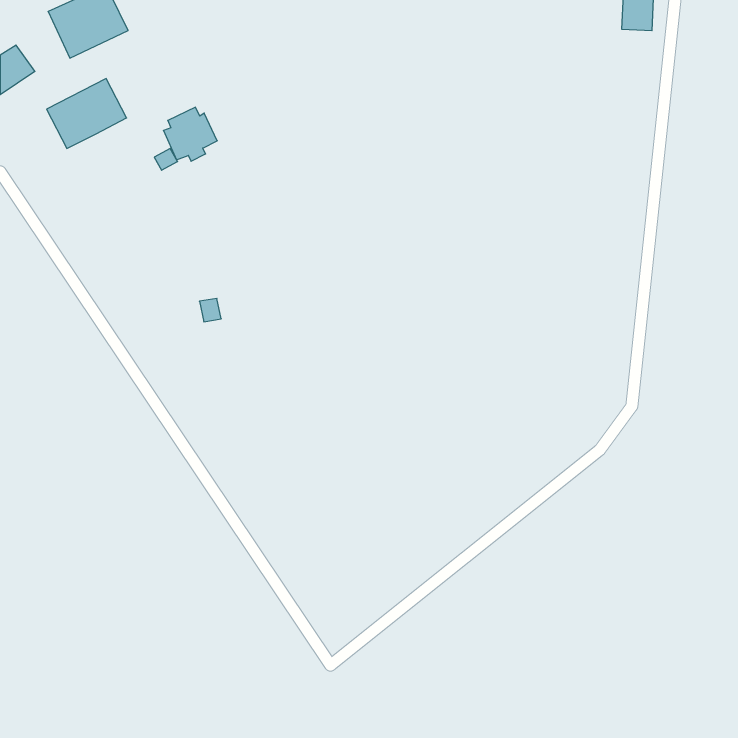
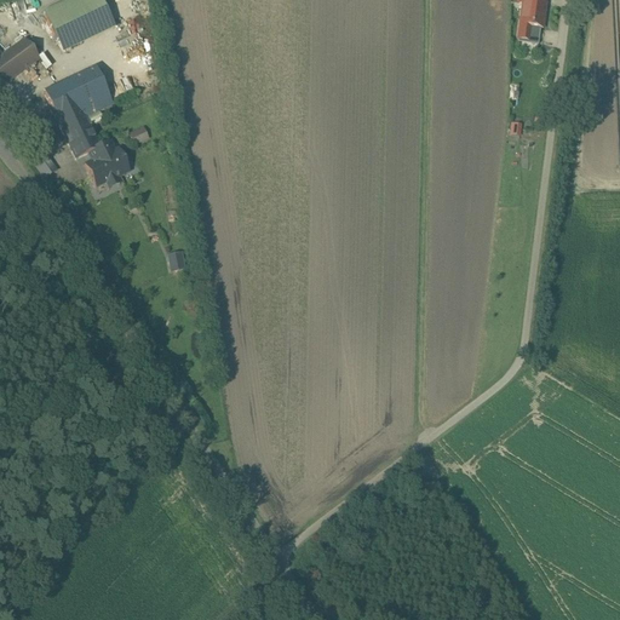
building: [163,107,217,161] -> [88,140,133,185]
building: none -> [61,111,98,151]

